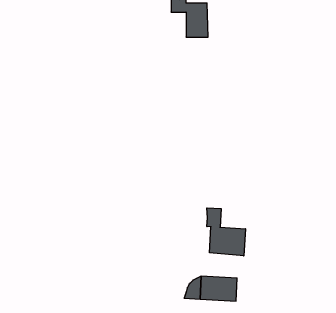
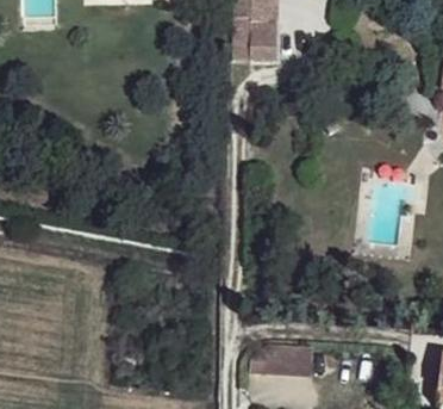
building: [207,208,245,256] -> none

